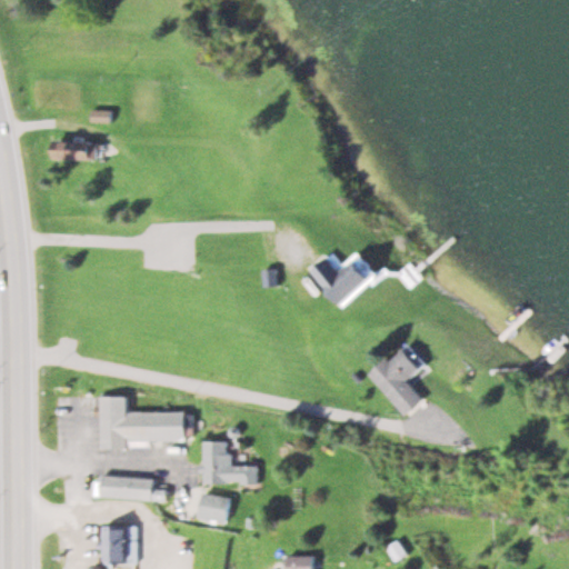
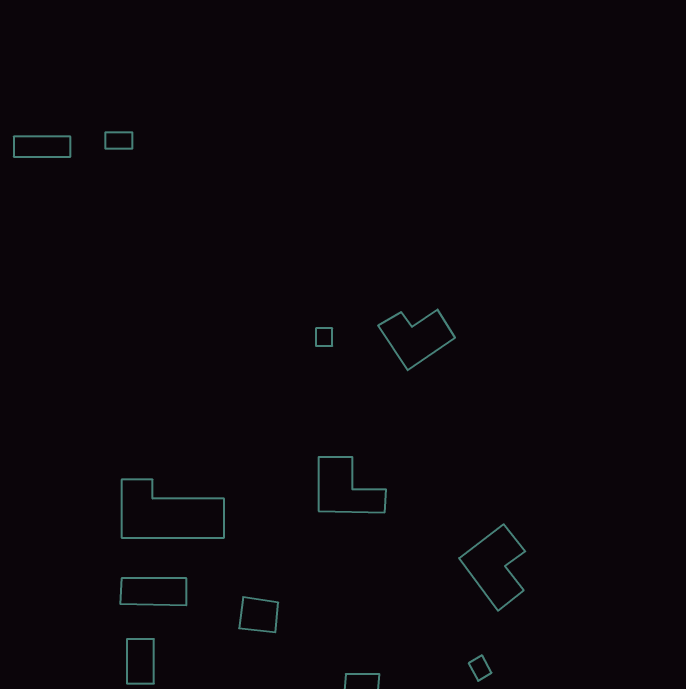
building: [52,142,99,159] -> [14,137,70,157]
building: [370,346,425,417] -> [459,524,525,611]
building: [200,438,256,483] -> [319,457,386,512]

